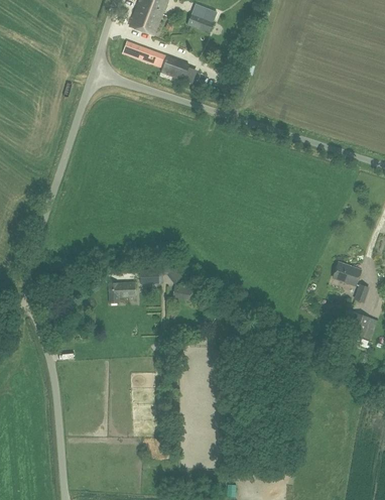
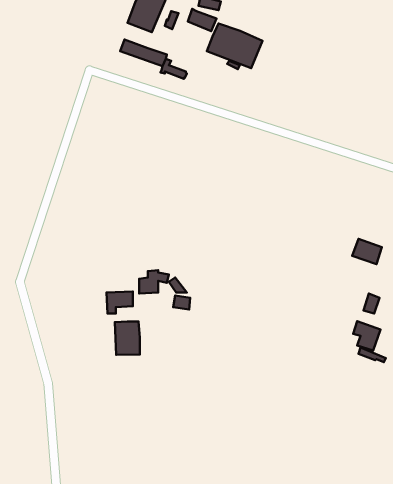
building: none -> [207,23,263,68]
building: [333,261,361,285] -> [352,239,382,264]
building: none -> [115,322,140,355]

